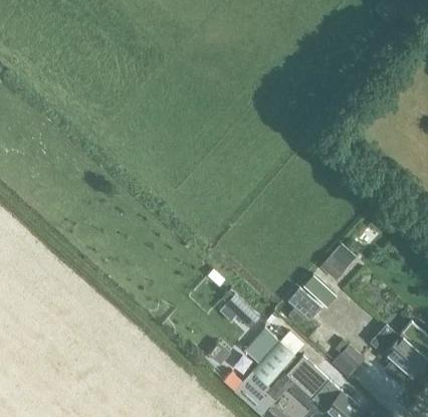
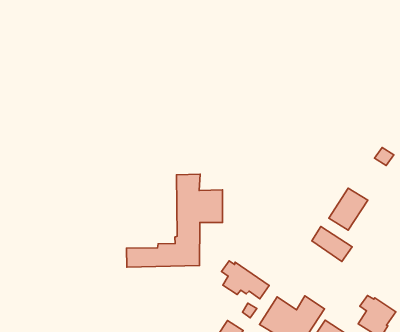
building: none -> [127,174,223,267]
building: [287,287,324,323] -> none

